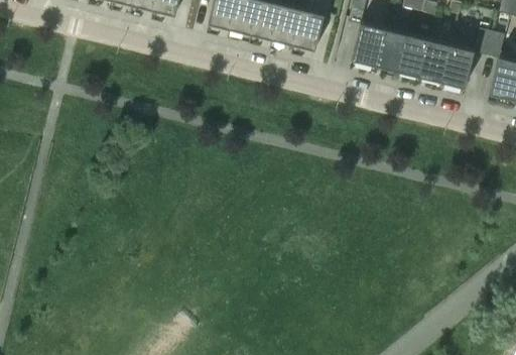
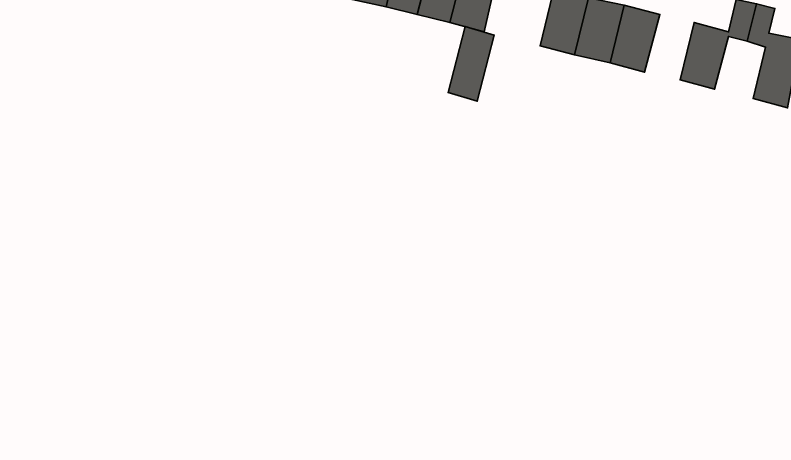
building: [419,38,452,81] -> none
building: none -> [448,27,494,101]

